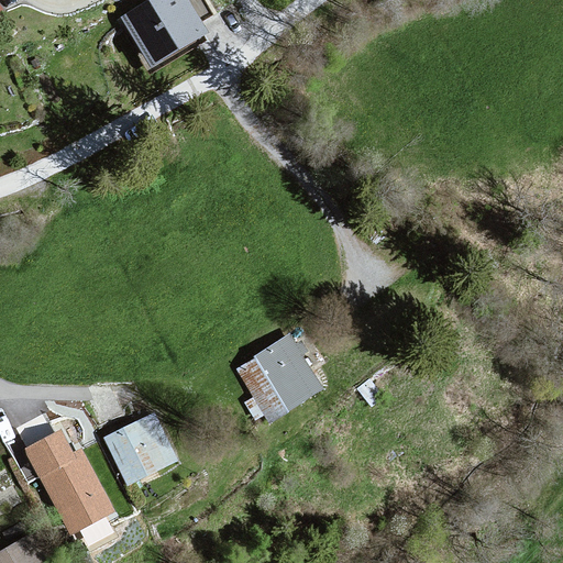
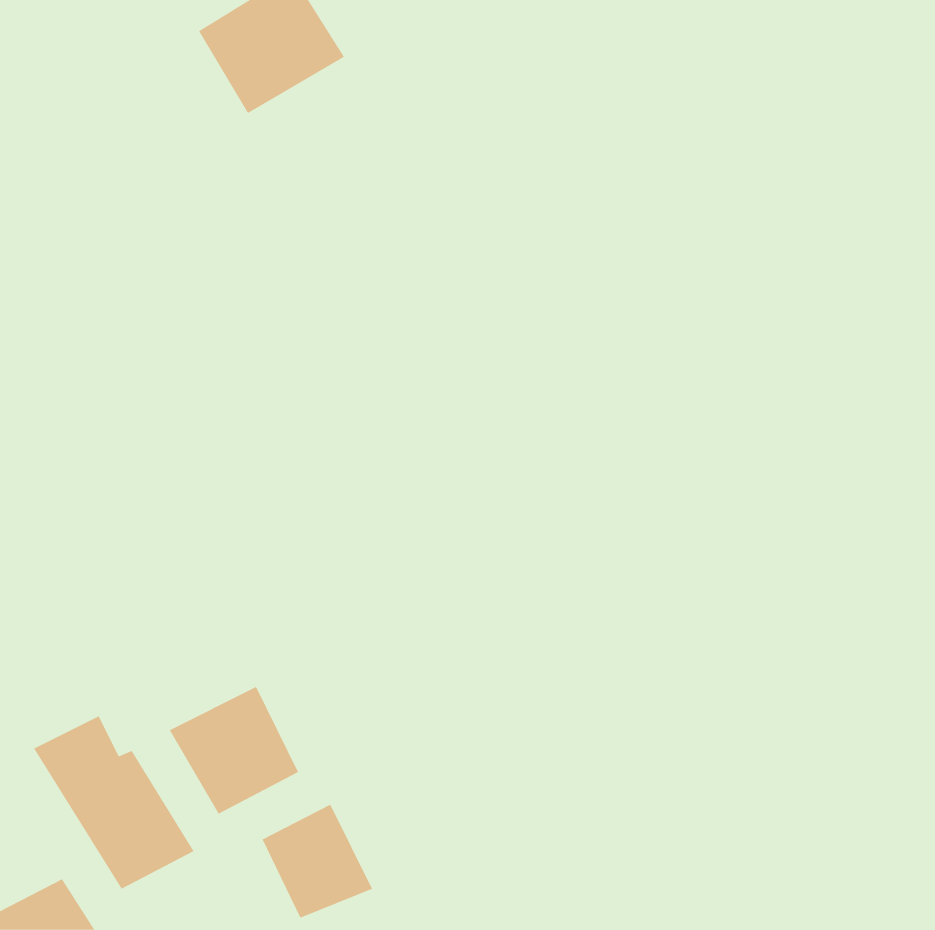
building: [235,333,325,423] -> none
building: none -> [262,804,373,918]

